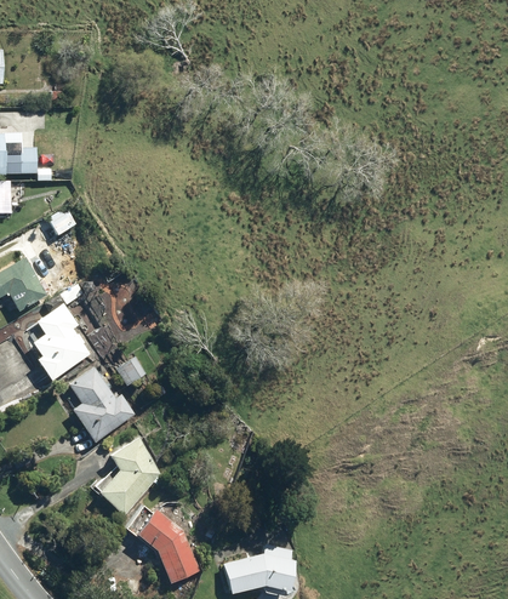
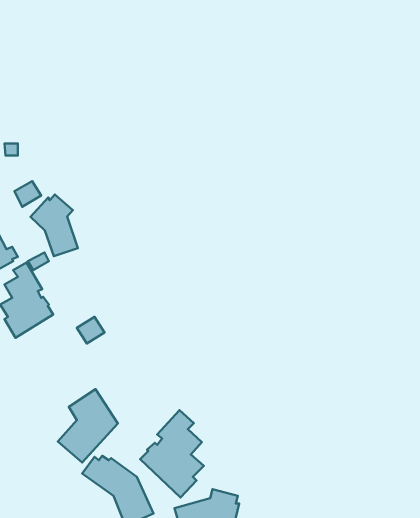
building: none -> [31,194,78,256]
building: [70,366,137,443] -> none
building: none -> [140,410,204,498]

